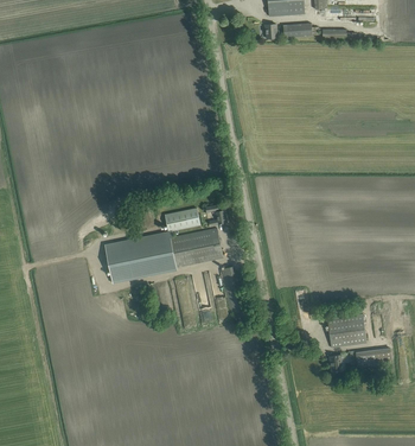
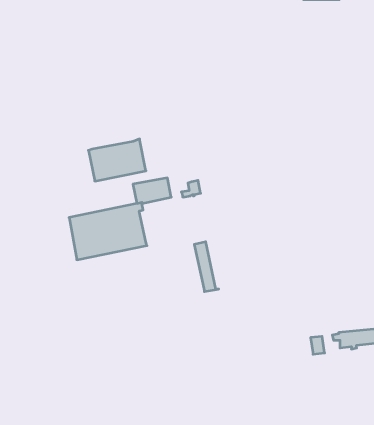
building: [170,228,223,267] -> [88,139,146,181]
building: [326,314,365,348] -> none

